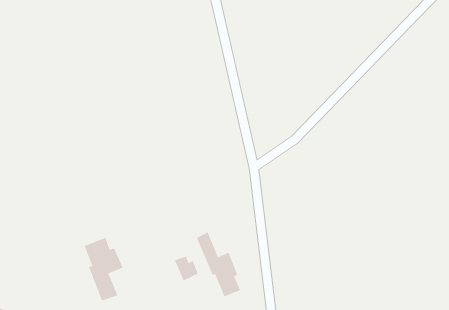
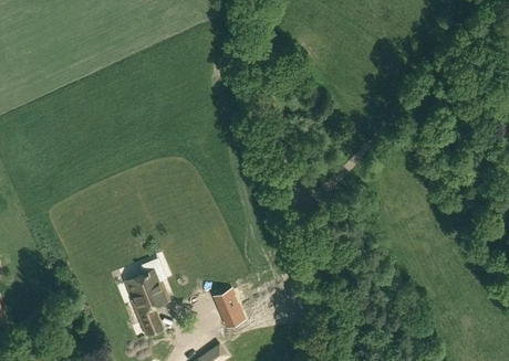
building: [196,231,241,297] -> none

